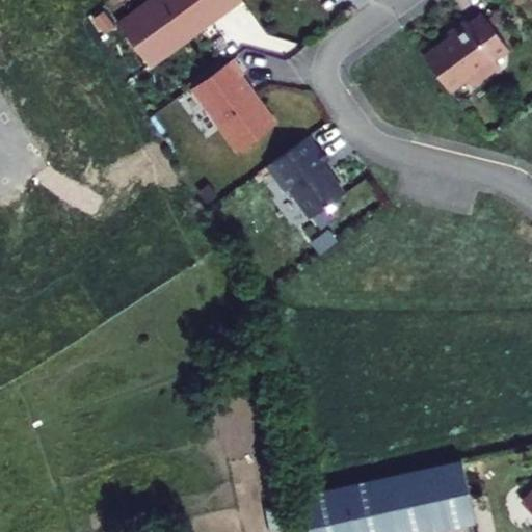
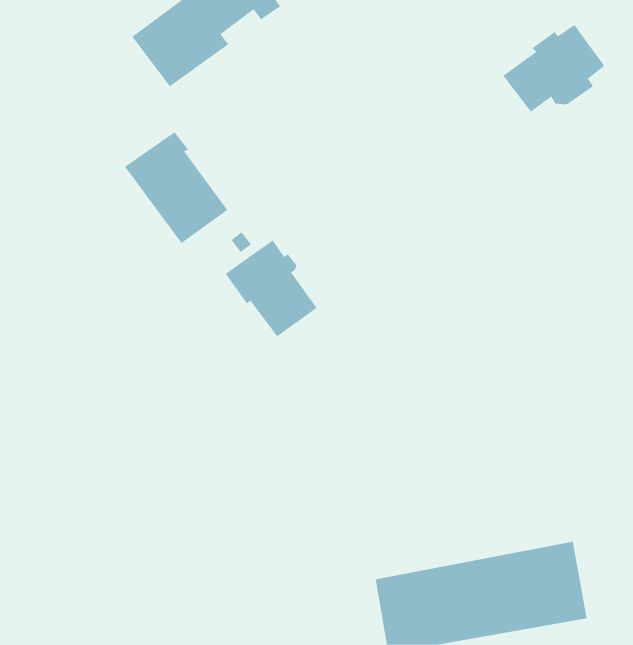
building: [192,64,277,157] -> [124,131,228,244]
building: [268,142,344,222] -> [225,240,317,337]

